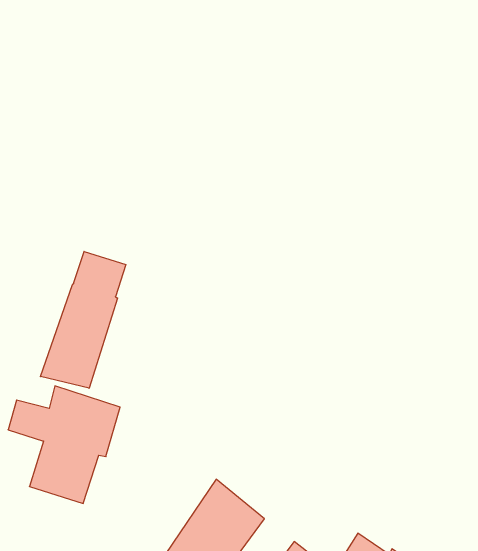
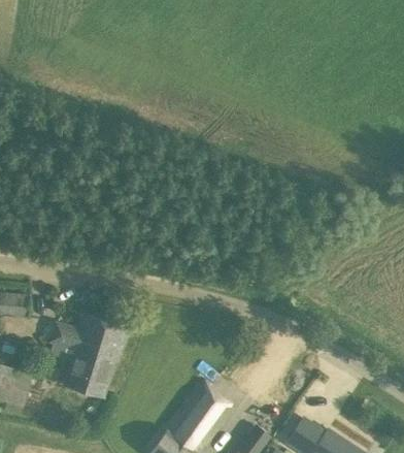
building: [40,251,126,388] -> none

